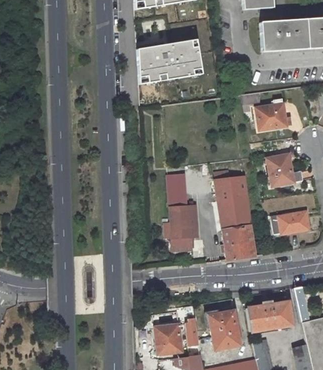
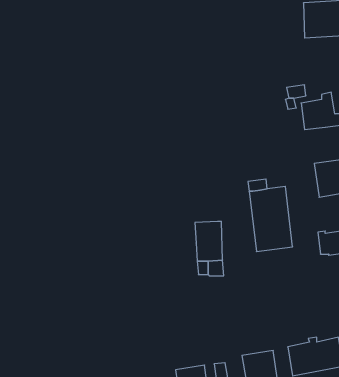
building: [137,40,202,85] -> none
building: [168,171,189,205] -> none
building: [221,225,254,259] -> none

